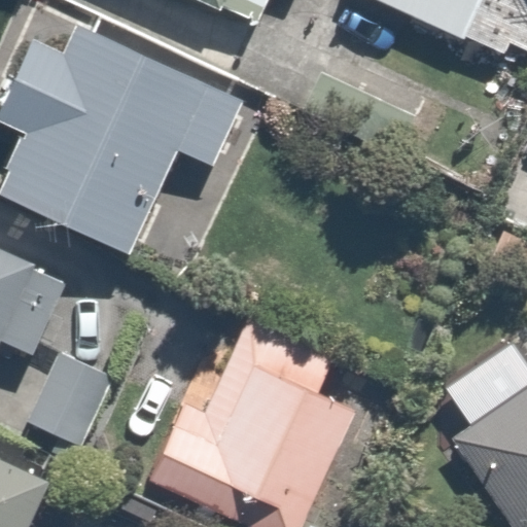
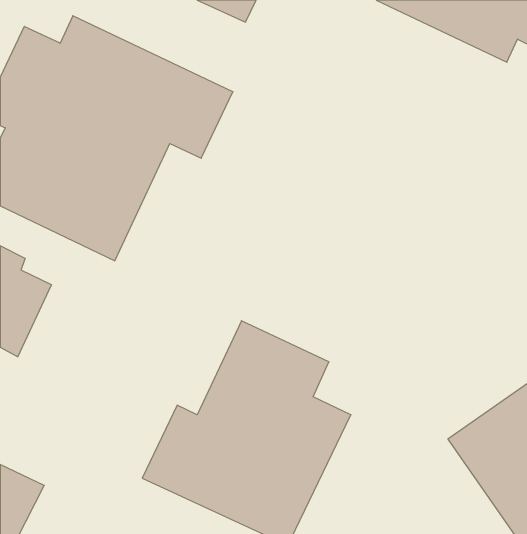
building: [22,351,119,457] -> none

